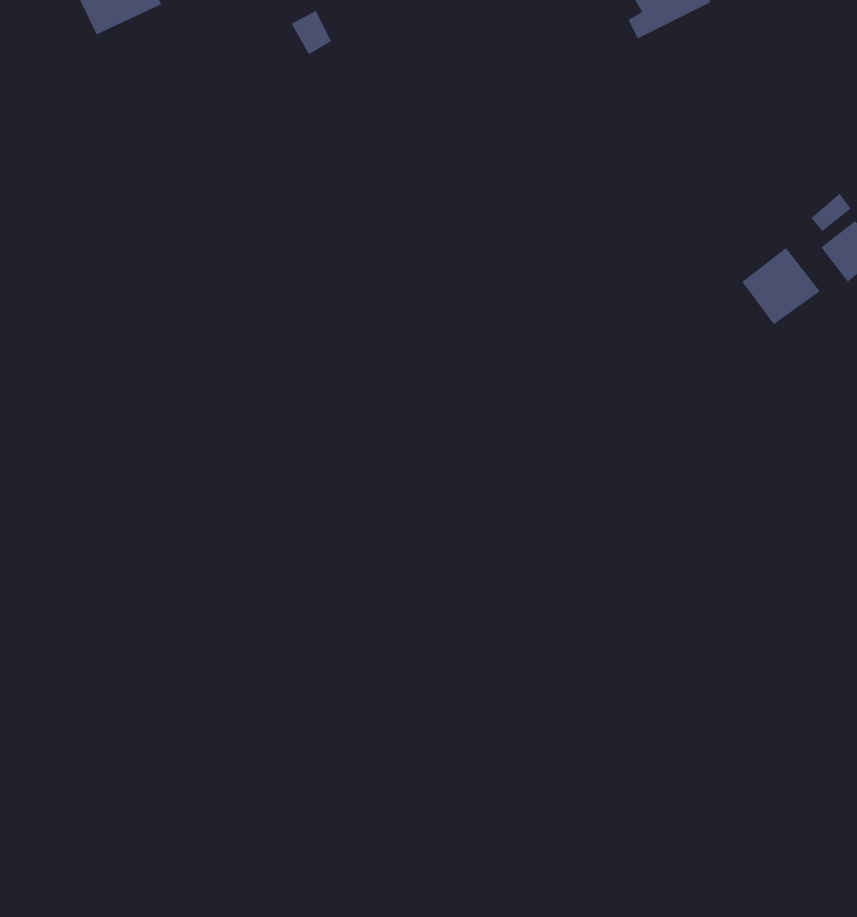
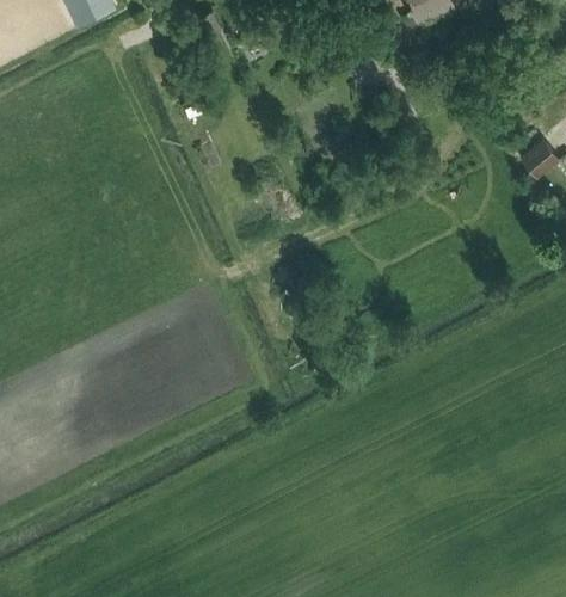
building: [742,247,820,325] -> none

